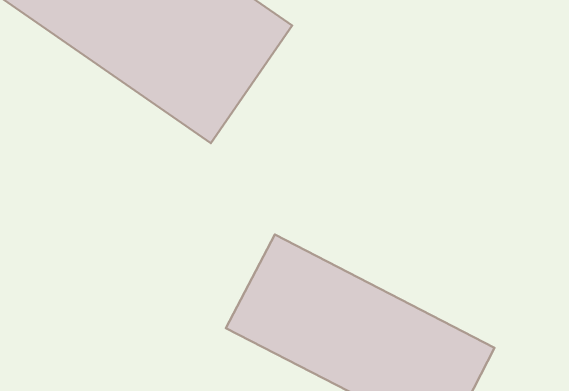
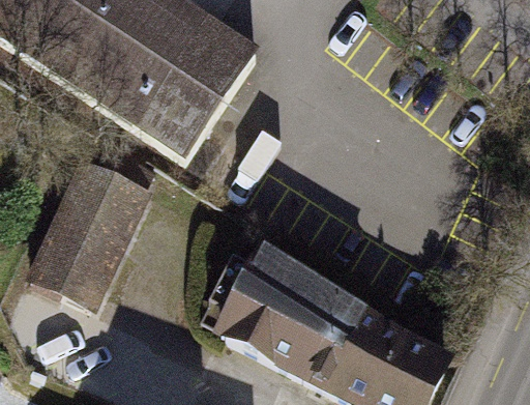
building: none -> [27,144,157,298]

